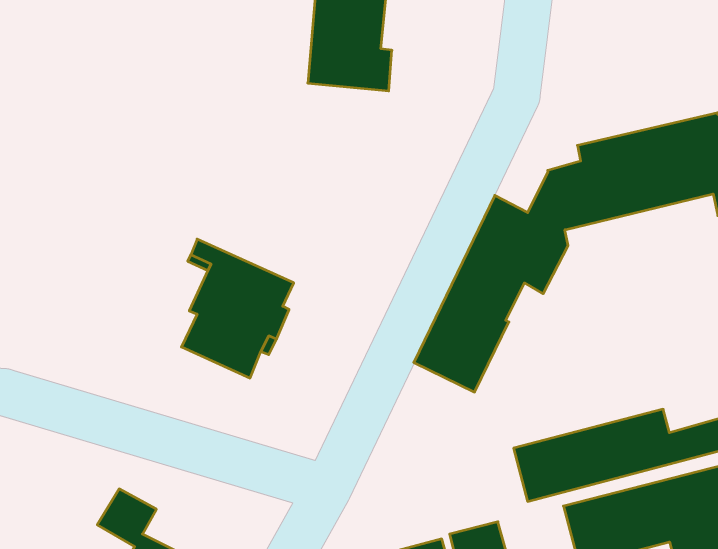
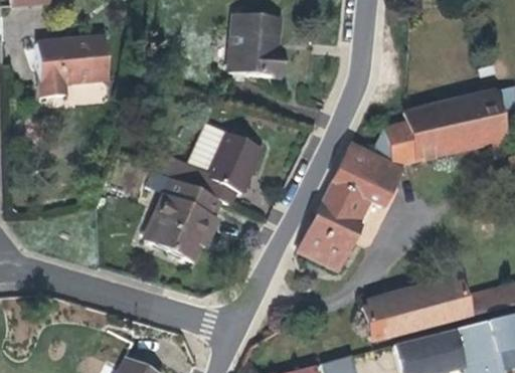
building: none -> [37,36,109,98]
building: none -> [168,120,263,204]

